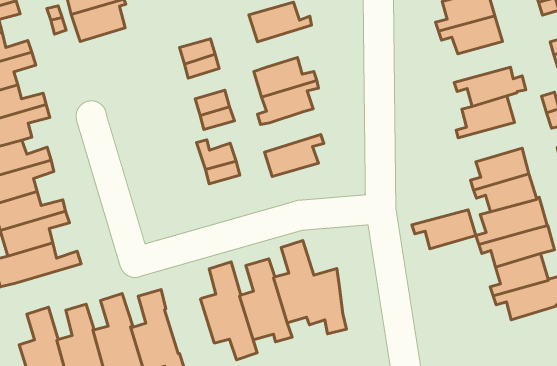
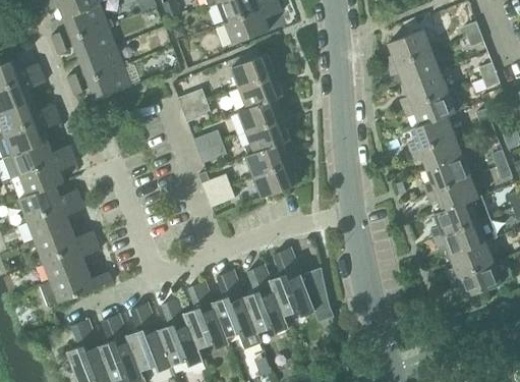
building: none -> [240,70,286,108]
building: none -> [400,70,448,107]
building: none -> [245,142,298,177]
building: [412,210,476,249] -> [410,135,463,170]
building: none -> [183,280,230,347]

